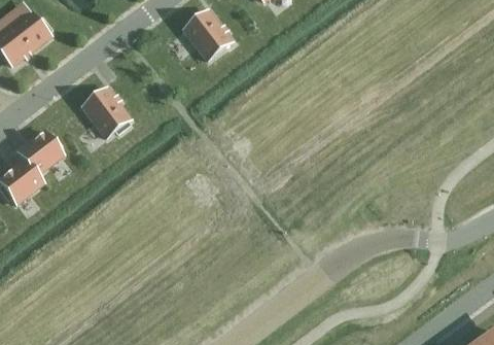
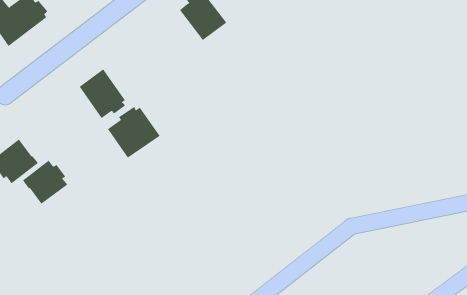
building: none -> [107,106,161,158]
building: [16,130,63,175] -> [22,160,68,205]

